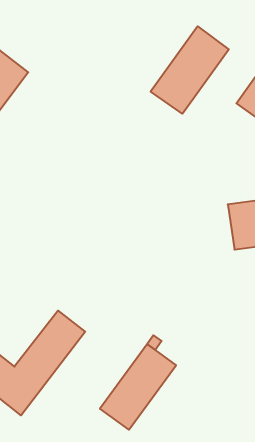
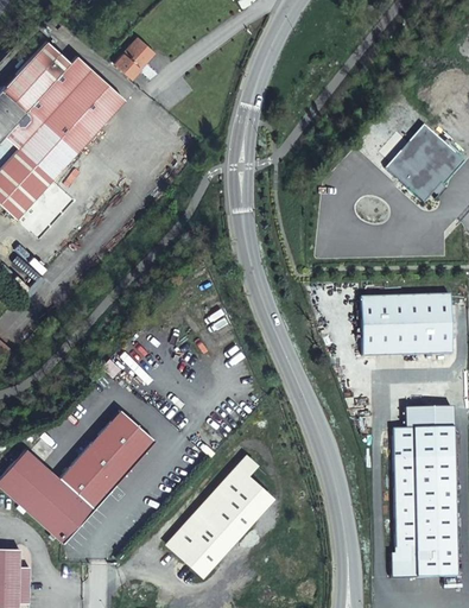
building: none -> [112,36,152,76]
building: [151,26,229,114] -> none

